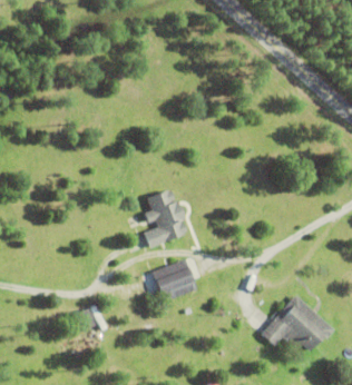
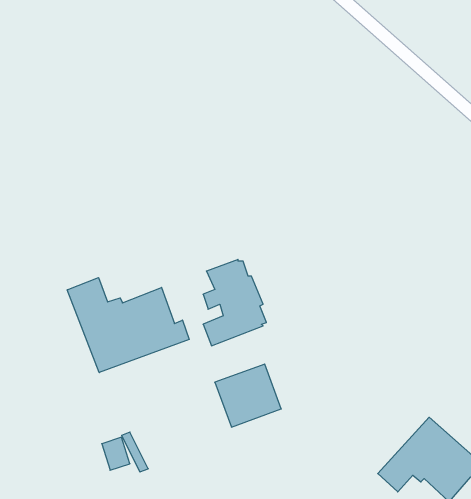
building: none -> [67,278,189,373]

